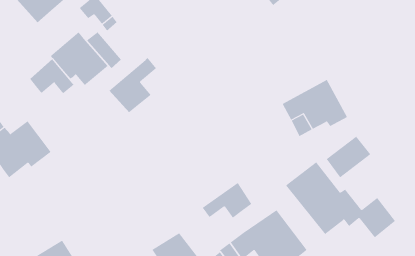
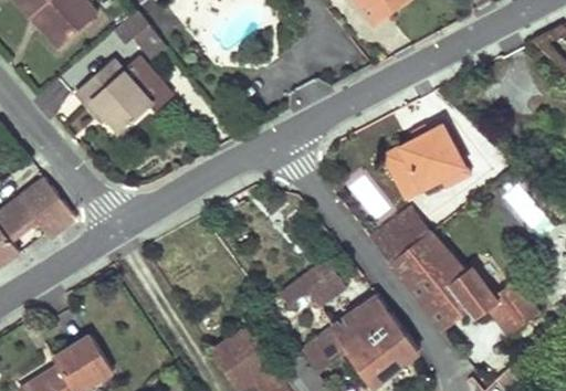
building: [108,57,157,113] -> none
building: [30,59,75,94] -> none
building: [326,136,371,178] -> [370,207,431,263]

